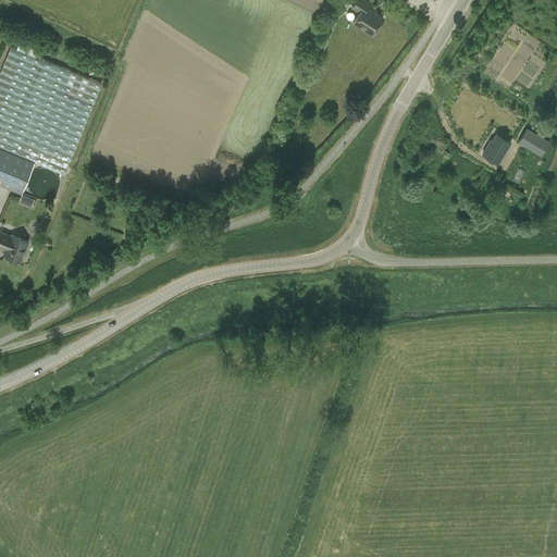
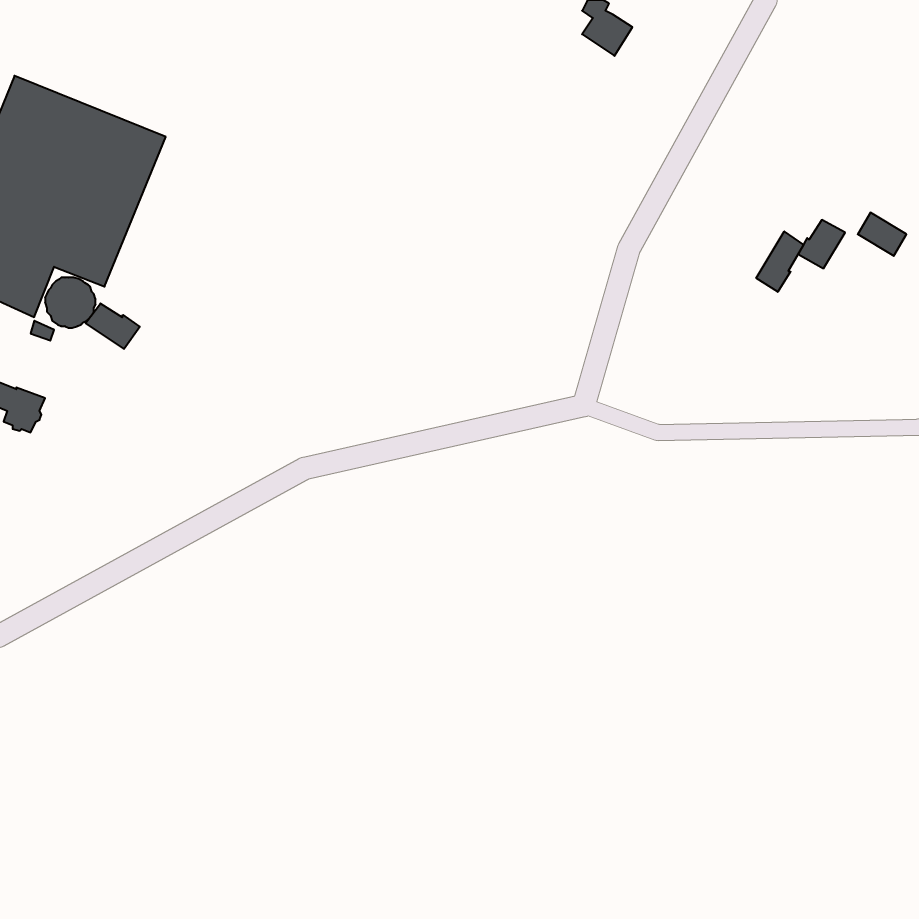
building: none -> [756,231,803,292]
building: none -> [86,303,140,349]

